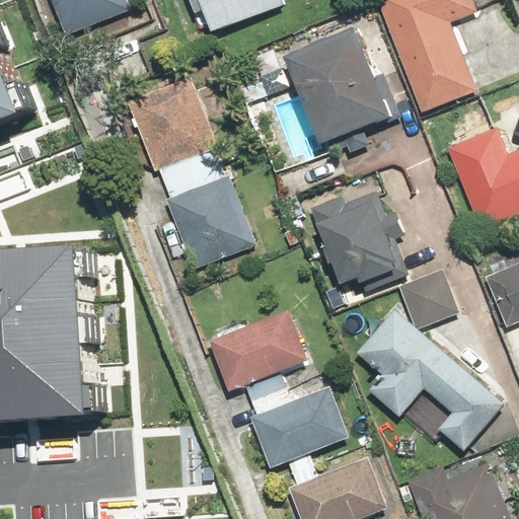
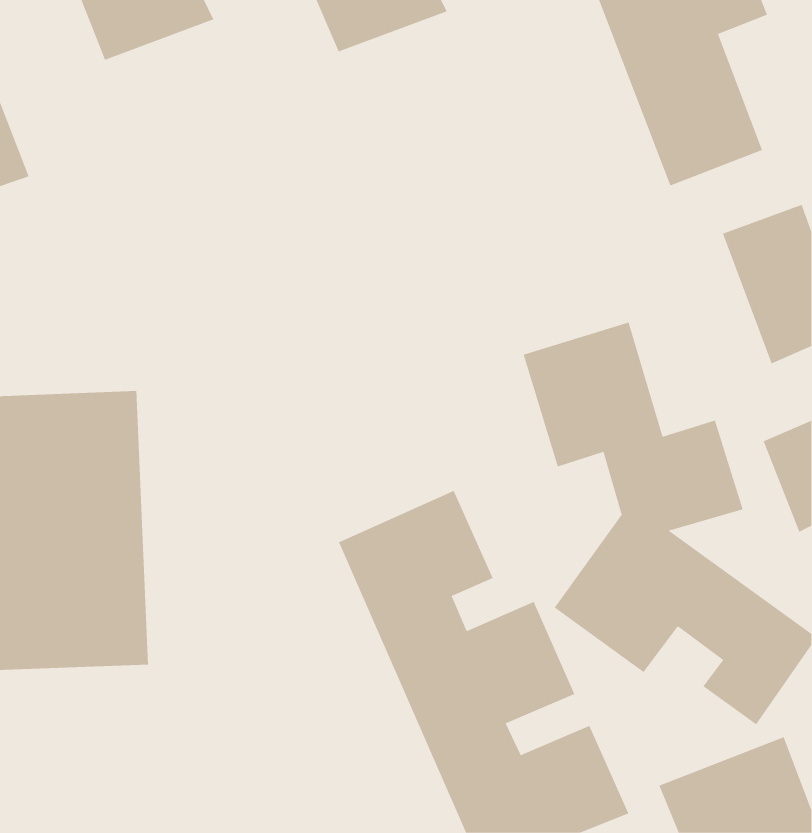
building: [288,31,401,146] -> none
building: [124,70,257,274] -> none

